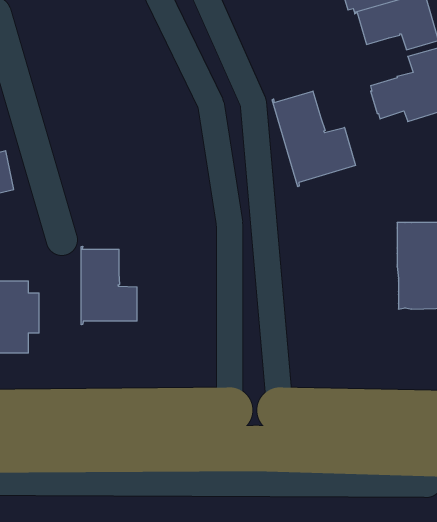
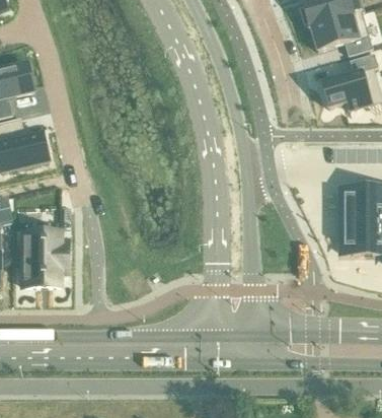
building: [272,91,356,187] -> none
building: [81,246,137,325] -> none

